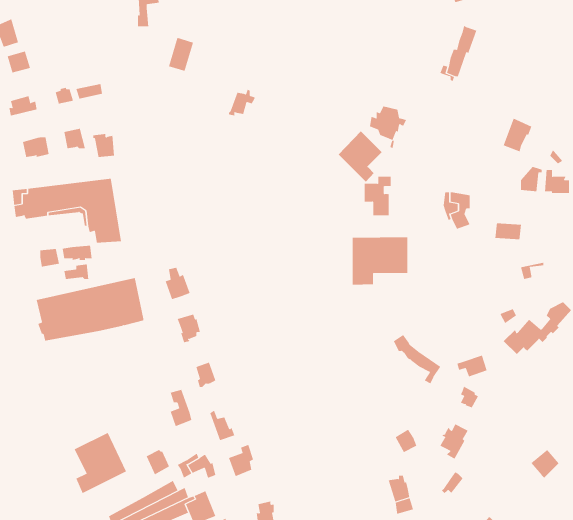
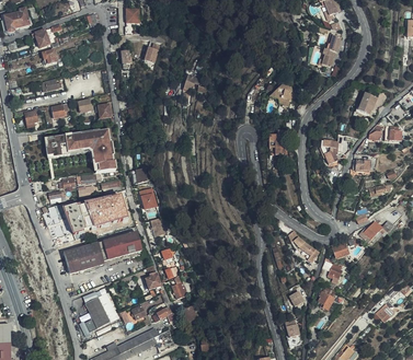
building: [338,131,383,183] -> none
building: [352,237,408,286] -> none
building: none -> [64,232,141,272]

